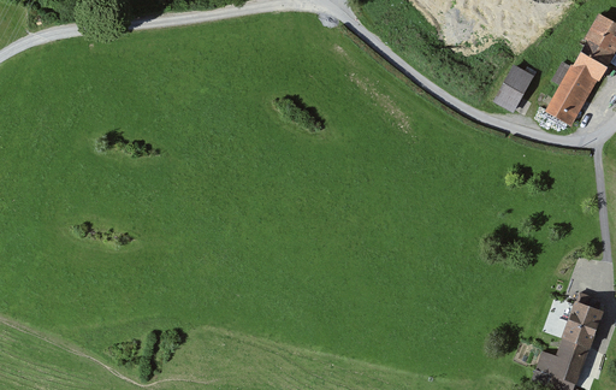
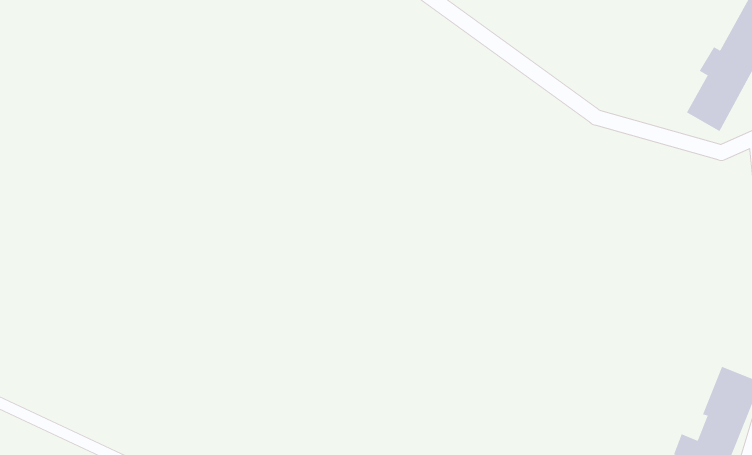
building: [493,65,534,113] -> none

